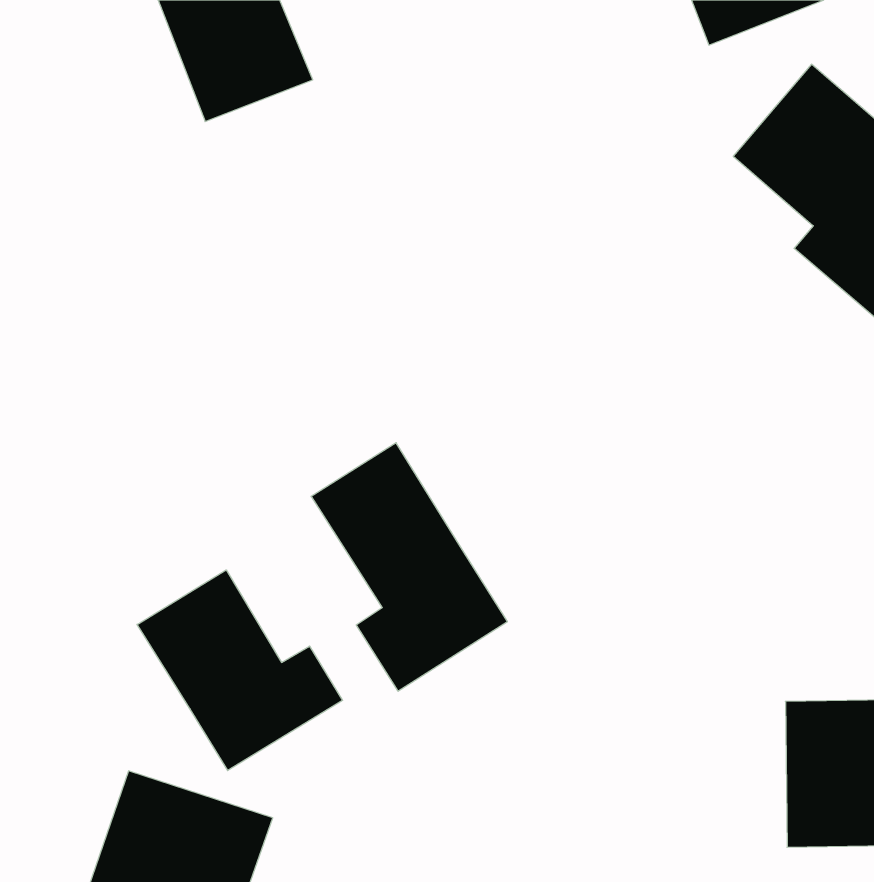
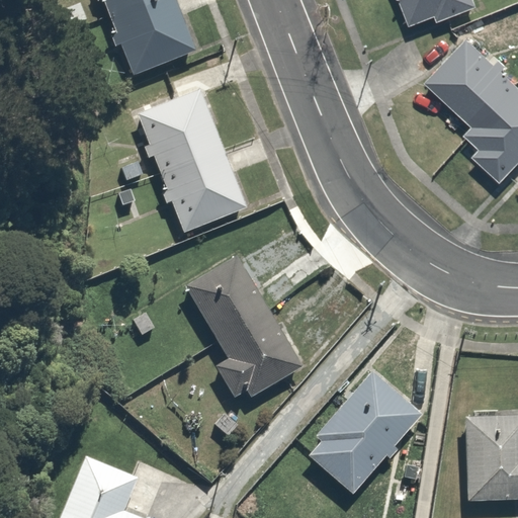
building: none -> [137,90,243,231]
building: [137,570,343,771] -> none
building: none -> [301,365,425,497]

